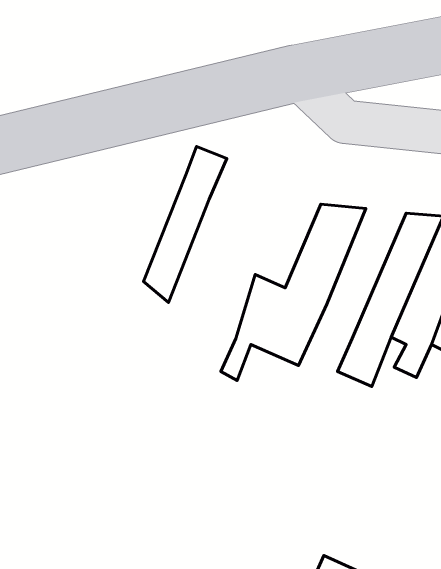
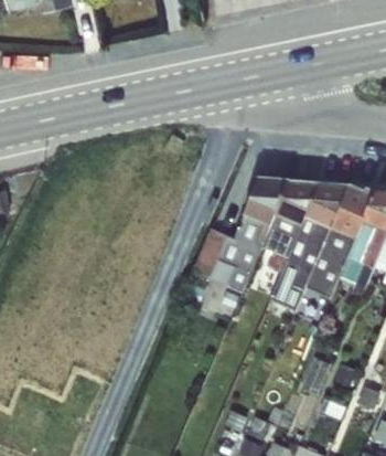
building: [144,146,227,302] -> none
building: none -> [262,179,321,275]

